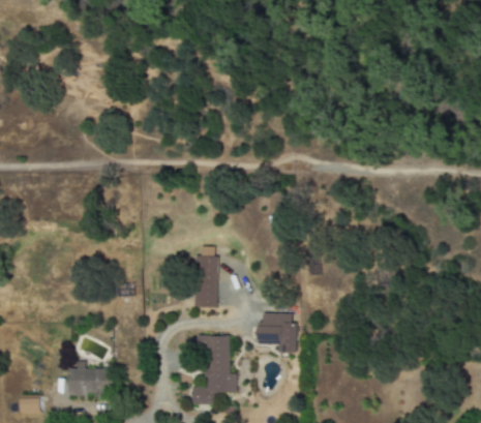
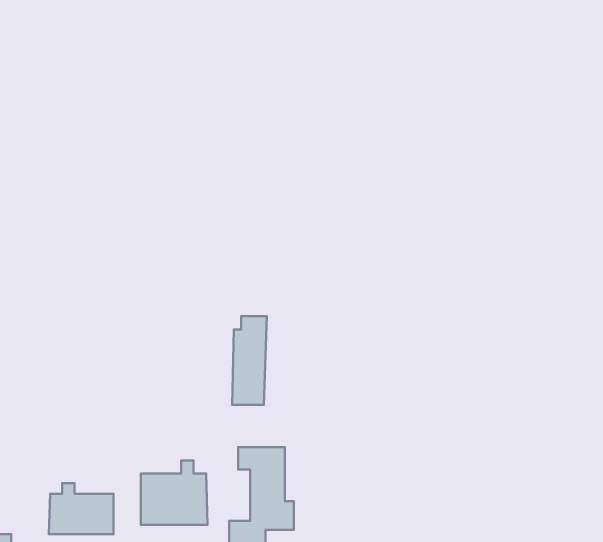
building: [259,312,296,353] -> none
building: none -> [141,460,208,525]

